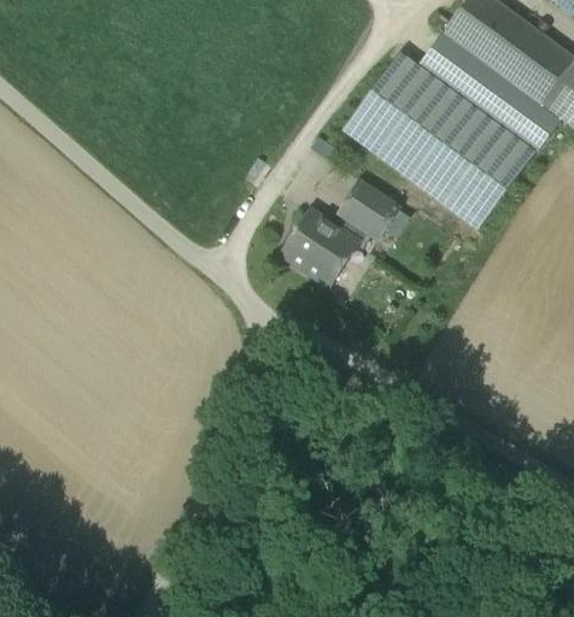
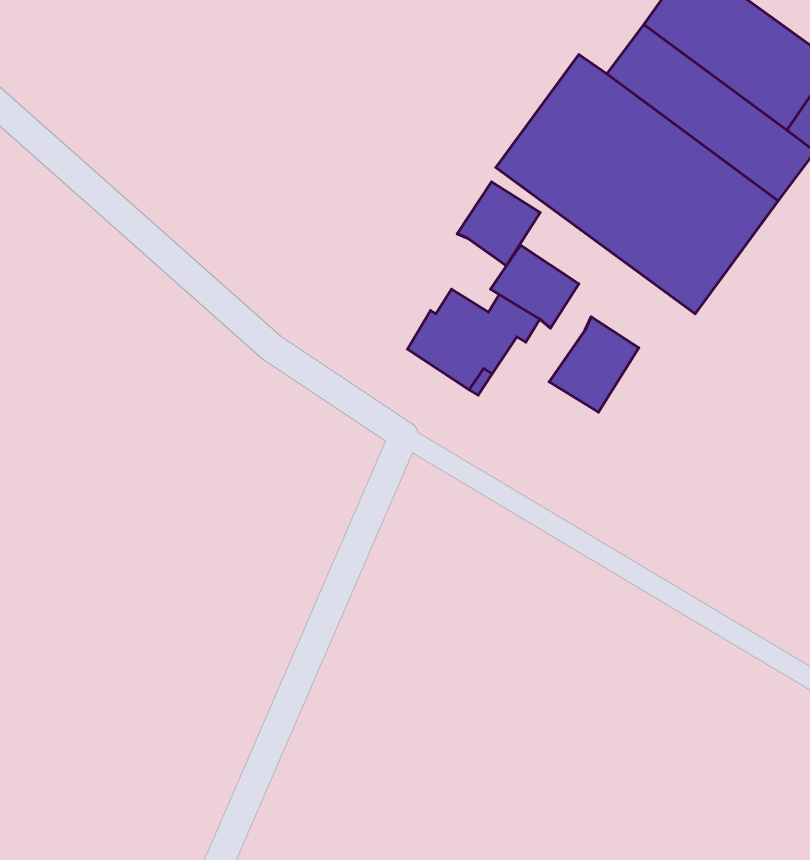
building: none -> [457,182,540,266]
building: none -> [549,317,639,412]

